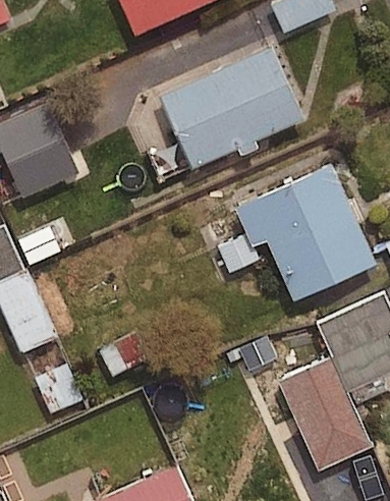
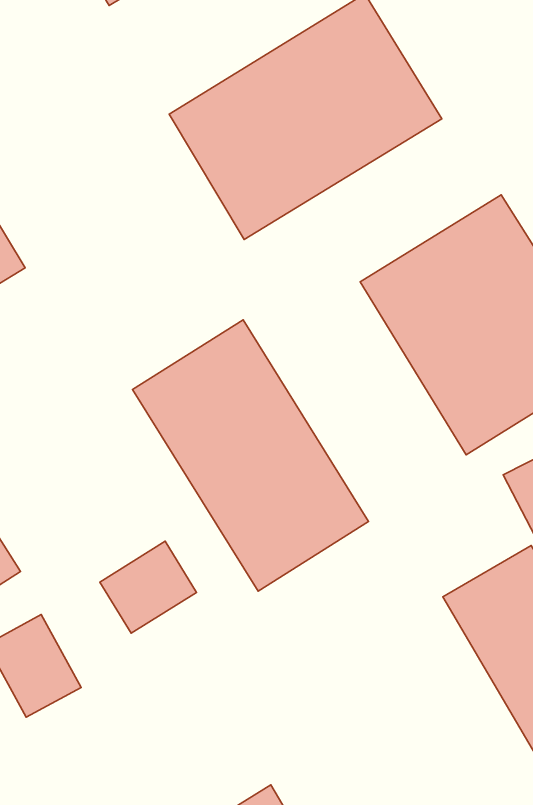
building: none -> [133,320,369,591]

